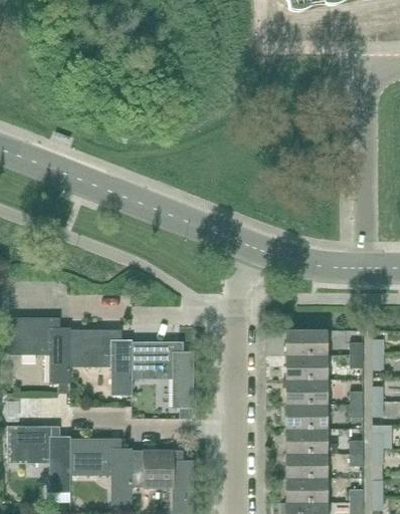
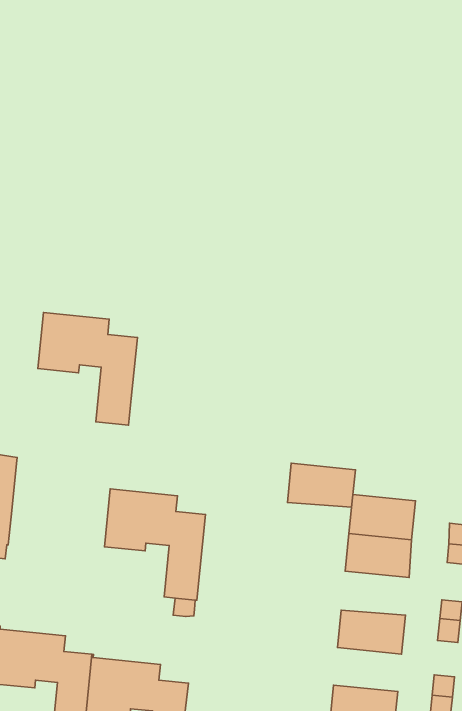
building: [70,330,132,397] -> [38,312,137,425]
building: [286,379,328,405] -> [287,463,355,507]
building: [286,429,338,453] -> none

